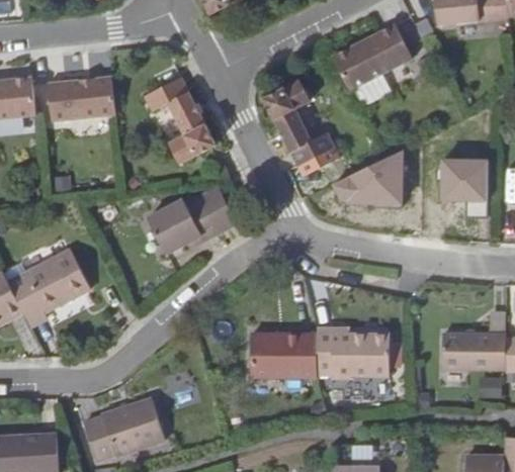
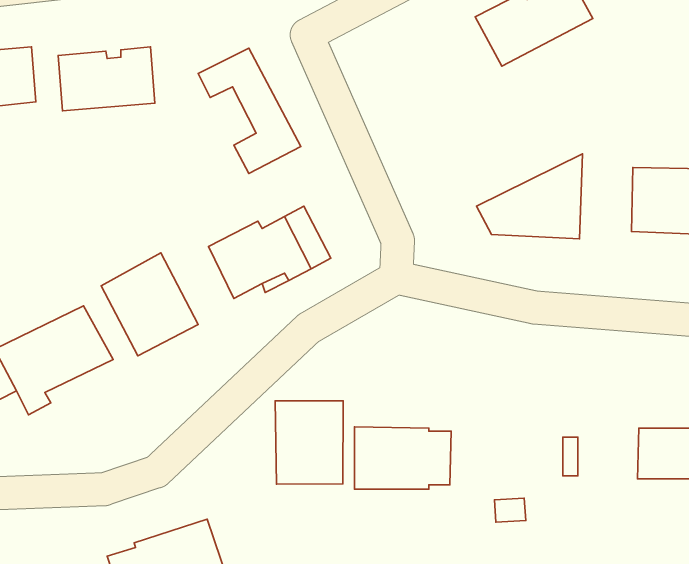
building: [262,80,334,167] -> none
building: none -> [101,253,198,356]
building: none -> [275,401,343,484]
building: [316,327,389,375] -> none

